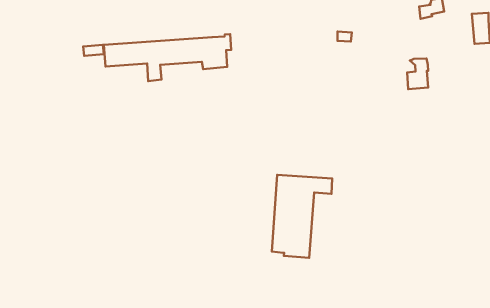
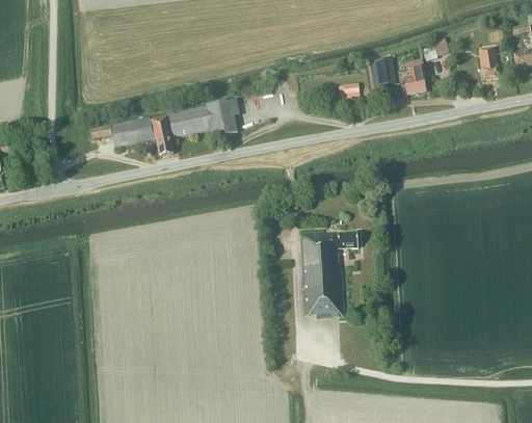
building: none -> [375,56,396,84]
building: [407,58,428,89] -> [402,59,425,92]

